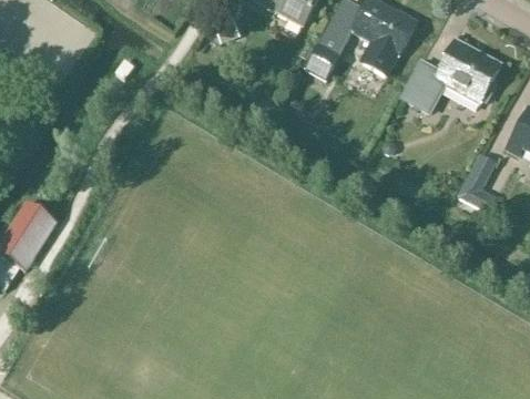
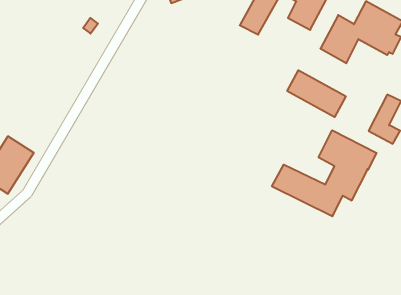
building: none -> [287,70,346,117]
building: none -> [272,130,377,216]

